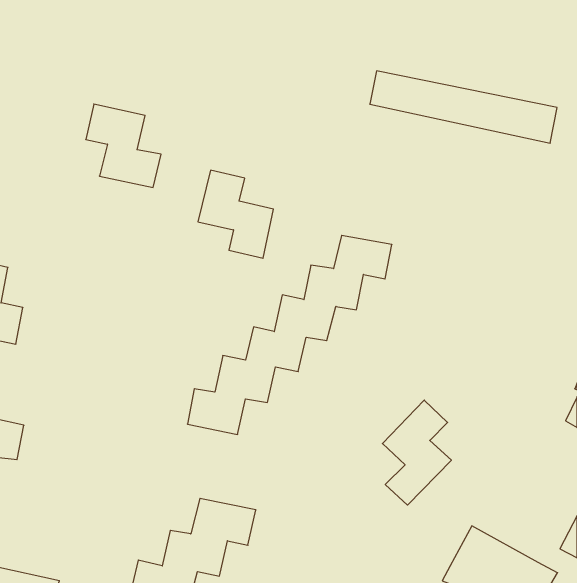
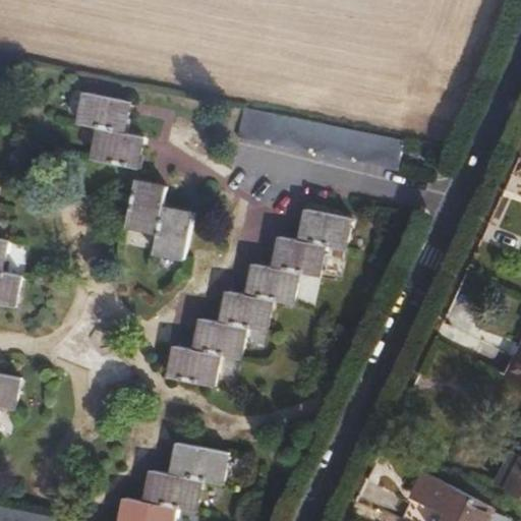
building: [370,71,557,143] -> [236,106,403,170]
building: [198,170,273,258] -> [124,182,191,260]
building: [382,400,451,505] -> none

